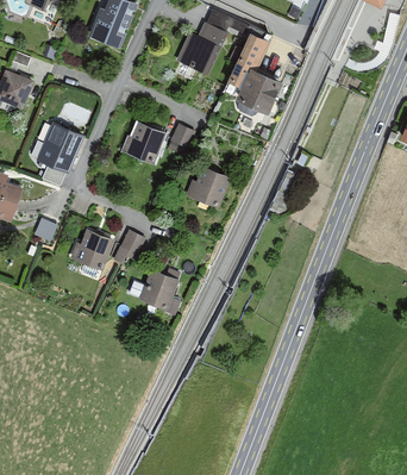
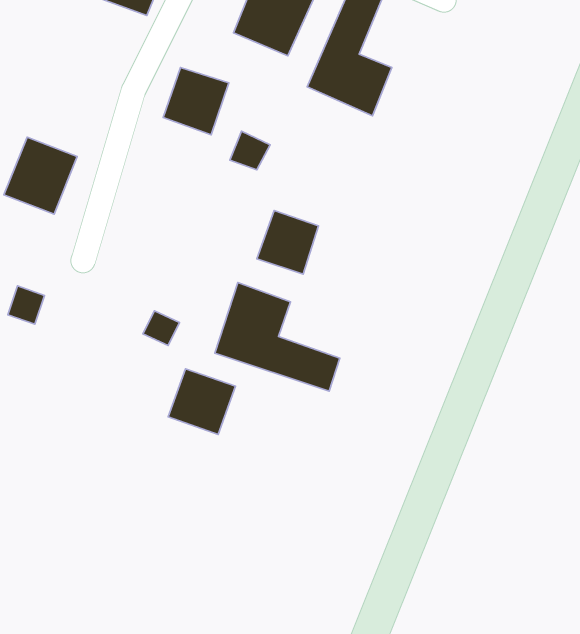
building: [120,119,161,161] -> [163,67,229,135]
building: none -> [215,283,340,391]
building: [75,230,114,269] -> none

